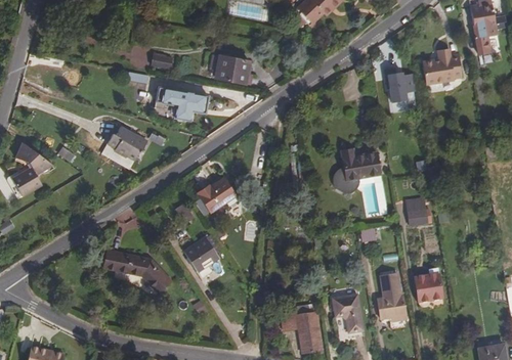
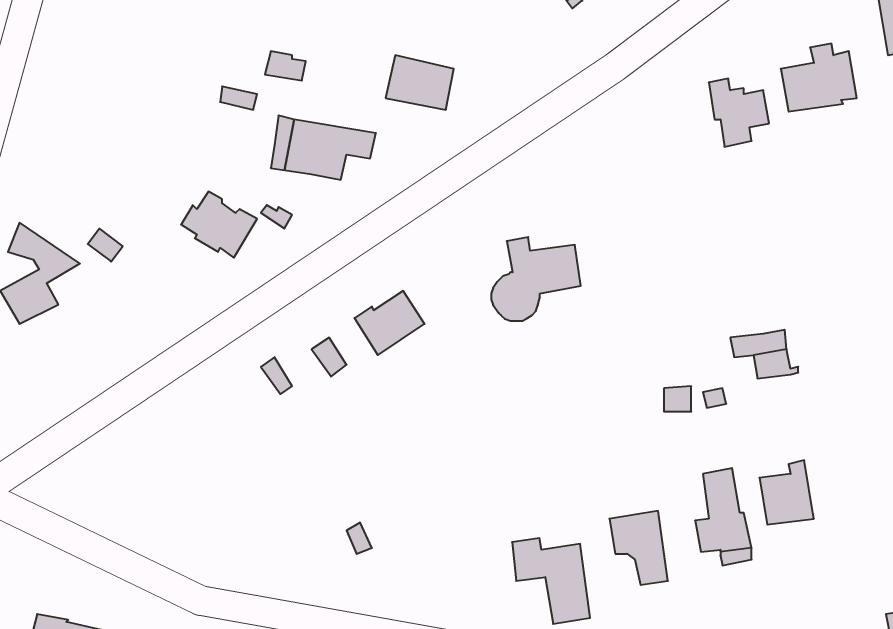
building: [333,148,380,192] -> [491,237,581,321]
building: [183,233,221,272] -> none
building: [103,250,171,292] -> none

